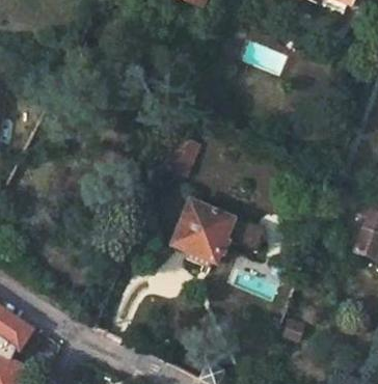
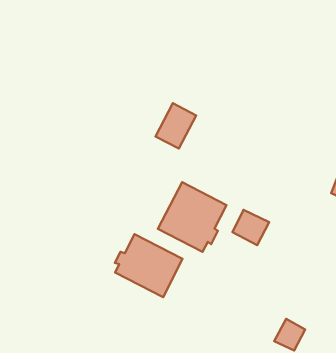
building: none -> [115,234,183,297]

